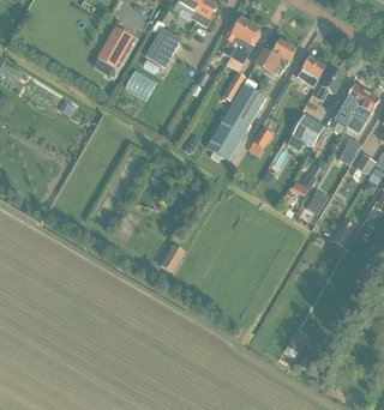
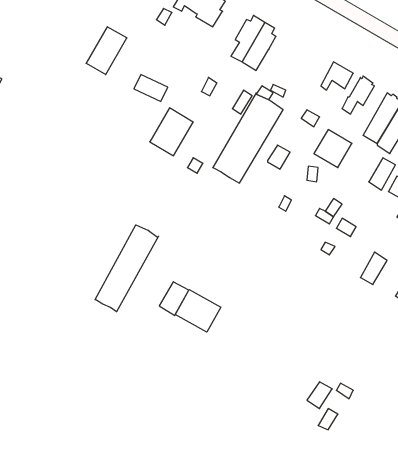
building: [144,26,181,67] -> [150,108,193,156]
building: [253,40,295,76] -> none
building: none -> [95,225,159,312]
building: none -> [175,290,221,332]

